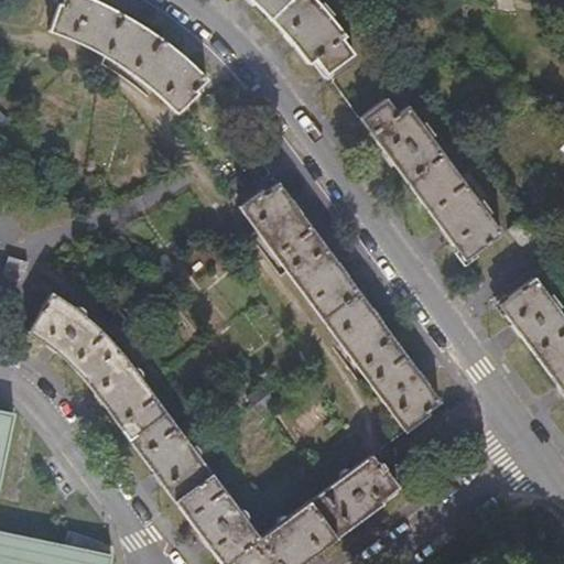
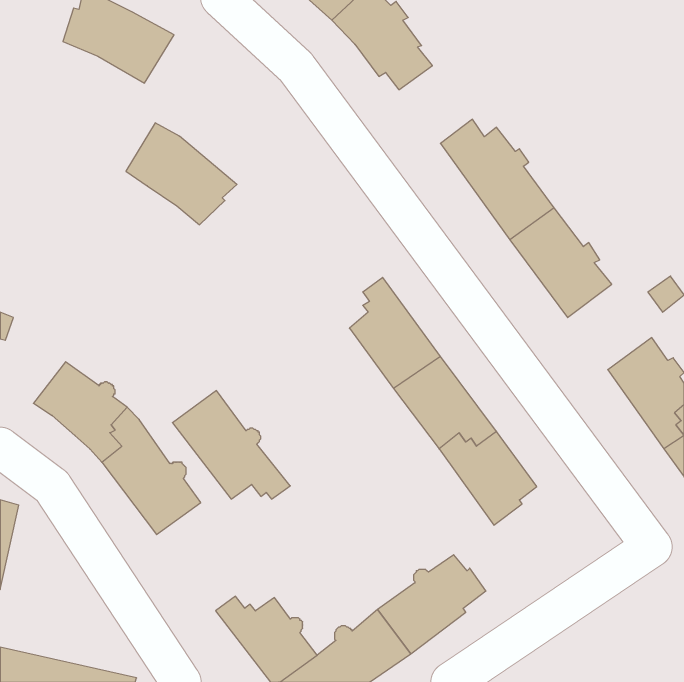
building: [119,29,210,112] -> [126,123,237,225]
building: [242,183,315,270] -> none
building: [129,413,226,502] -> [172,391,290,499]

